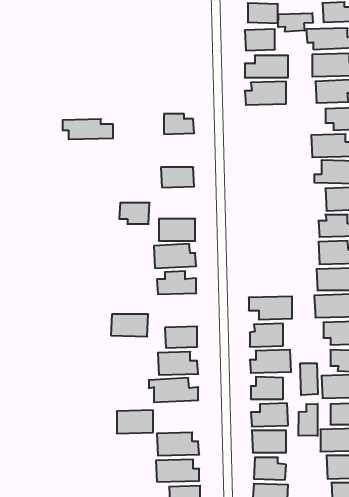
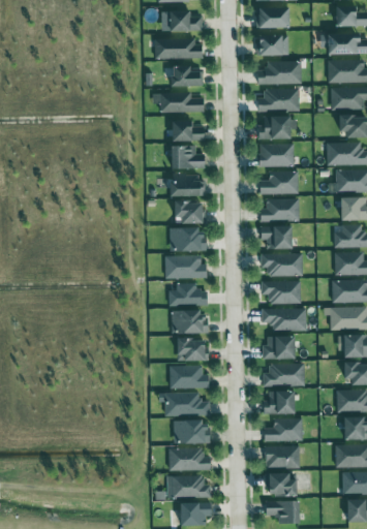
building: none -> [161,10,203,31]
building: [278,13,313,32] -> none
building: none -> [154,38,204,59]
building: none -> [172,66,204,87]
building: none -> [258,116,295,138]
building: [63,119,113,139] -> [153,92,205,113]
building: none -> [258,143,294,166]
building: none -> [171,145,206,168]
building: none -> [259,170,298,194]
building: none -> [261,198,299,221]
building: [119,203,150,224] -> [175,201,206,223]
building: none -> [261,225,295,249]
building: none -> [261,252,303,276]
building: none -> [261,281,300,304]
building: [111,314,148,337] -> [171,311,209,334]
building: [300,363,318,395] -> none
building: [299,404,318,436] -> none
building: [117,410,153,433] -> [173,421,210,444]

